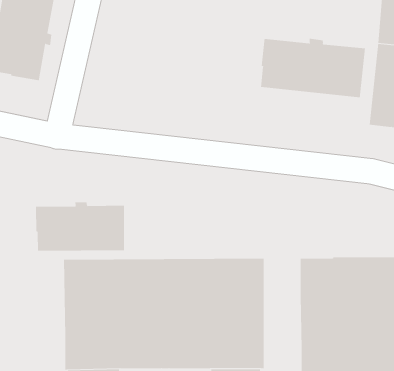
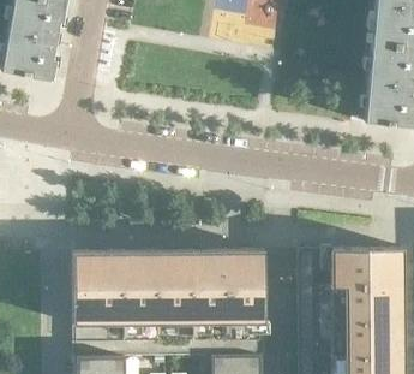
building: [260,38,366,98] -> none
building: [36,201,125,252] -> none

